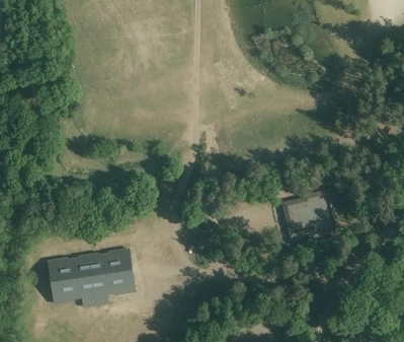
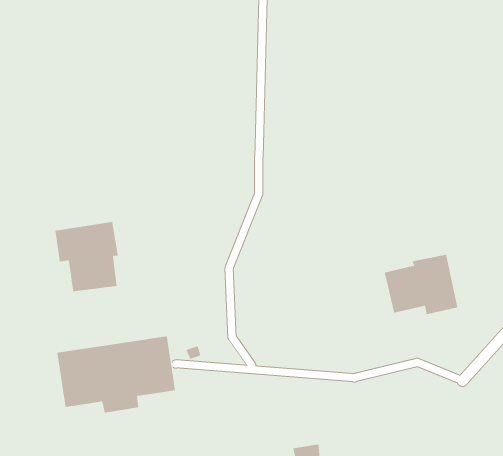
building: none -> [55,221,118,292]

